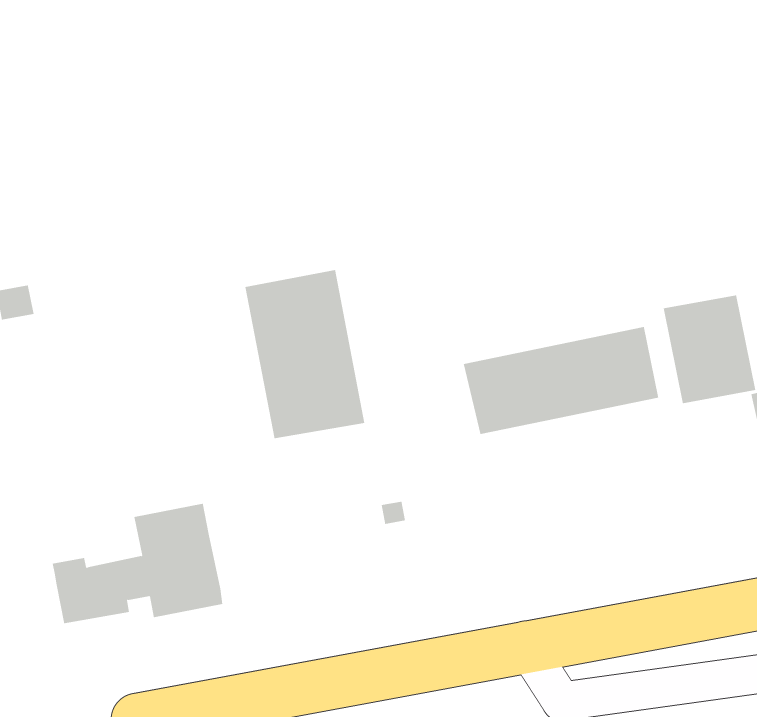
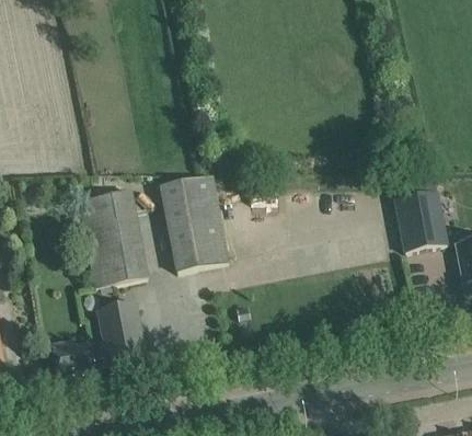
building: none -> [79,190,148,285]
building: [463,326,659,435] -> none

